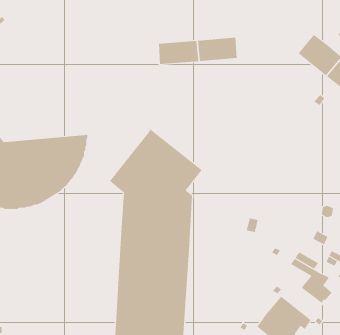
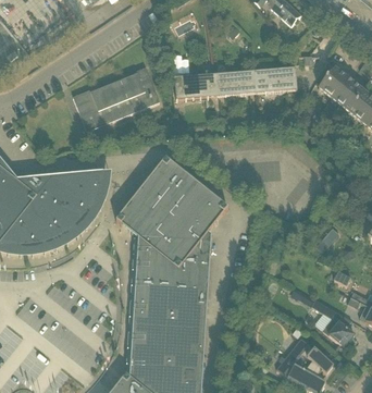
building: none -> [73,65,160,128]
building: none -> [256,67,297,93]

